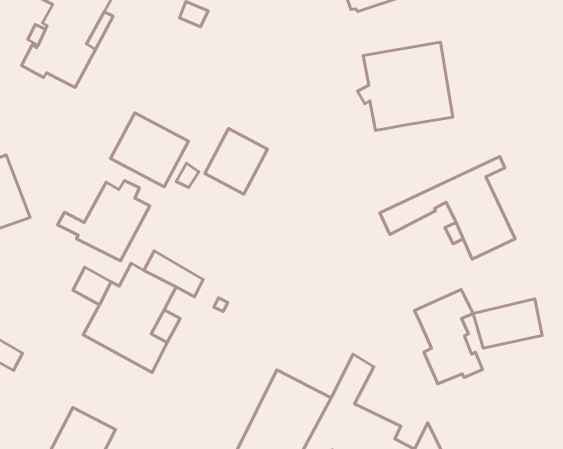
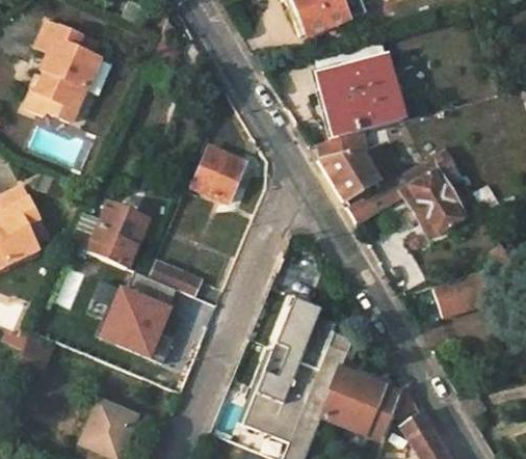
building: [111,113,188,187] -> none
building: none -> [317,130,399,204]
building: [414,289,483,384] -> none
building: none -> [270,304,338,371]

